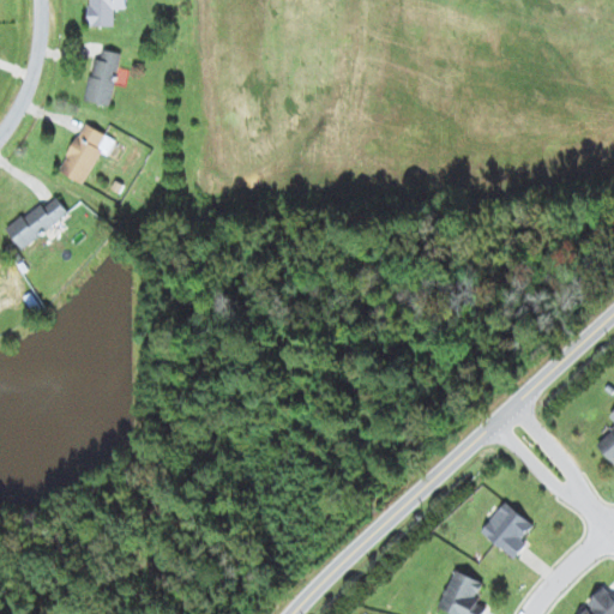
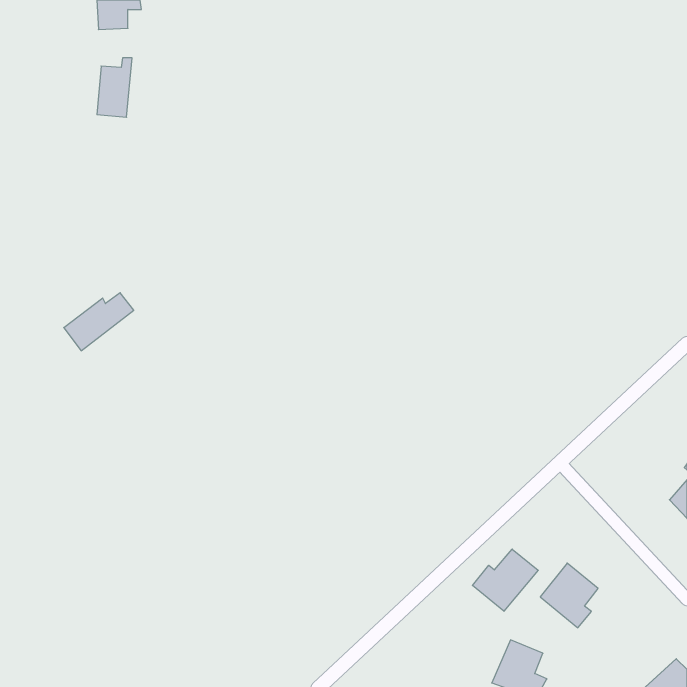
building: [59,124,115,185] -> none
building: [6,198,68,249] -> [64,293,134,351]
building: none -> [472,549,538,611]

